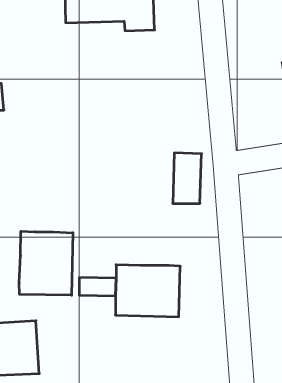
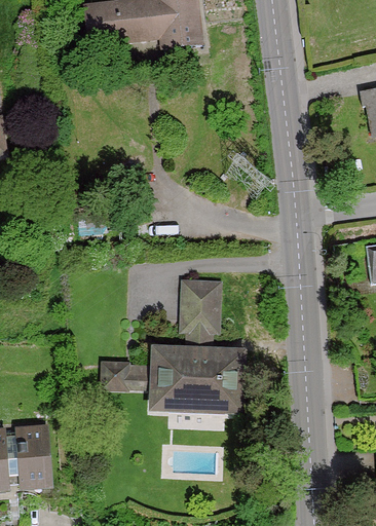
building: [173,153,202,203] -> [182,283,219,347]
building: [19,231,73,295] -> none

